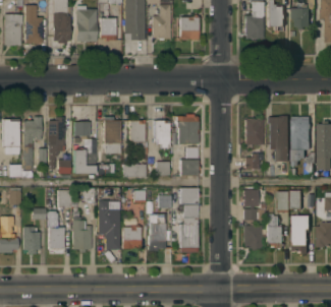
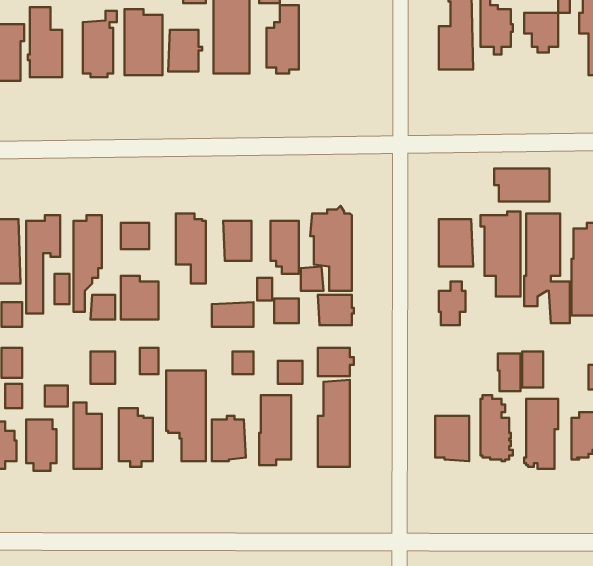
building: [180,14,199,39] -> none
building: none -> [494,168,550,202]
building: [243,189,265,220] -> none

